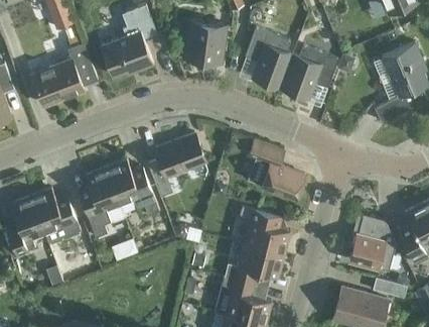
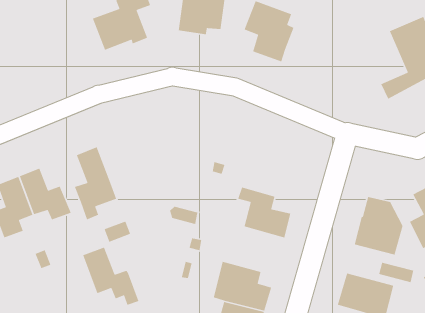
building: [30,42,97,105] -> none
building: [280,45,337,99] -> none
building: [147,134,204,197] -> none
building: [248,139,304,199] -> none
building: [105,159,159,216] -> [82,246,139,306]
building: [224,244,283,287] -> none

